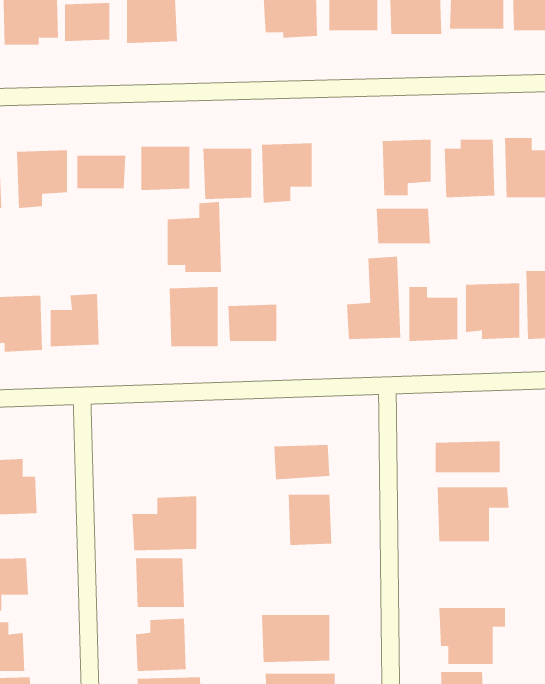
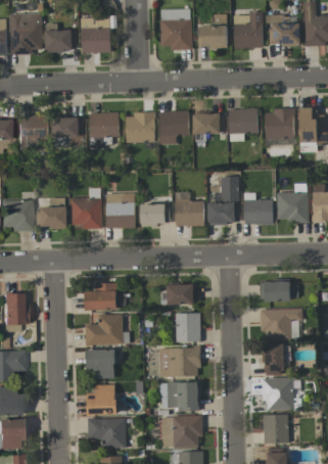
building: [167,202,222,272] -> [71,188,102,229]
building: [376,208,431,244] -> [193,113,225,134]
building: none -> [175,192,204,227]
building: none -> [85,283,118,310]
building: none -> [263,344,285,375]
building: none -> [159,347,200,377]

